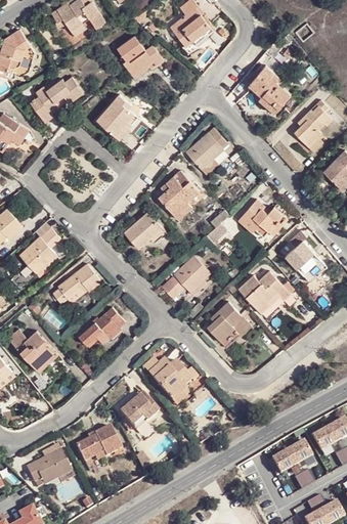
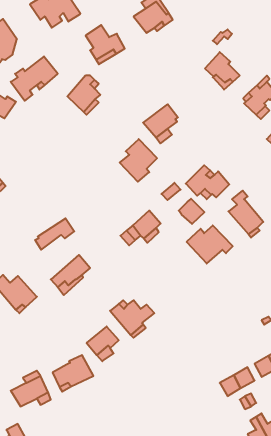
building: [121,211,164,251] -> none
building: [21,228,62,269] -> none
building: none -> [179,199,204,224]
building: [202,298,245,344] -> none

